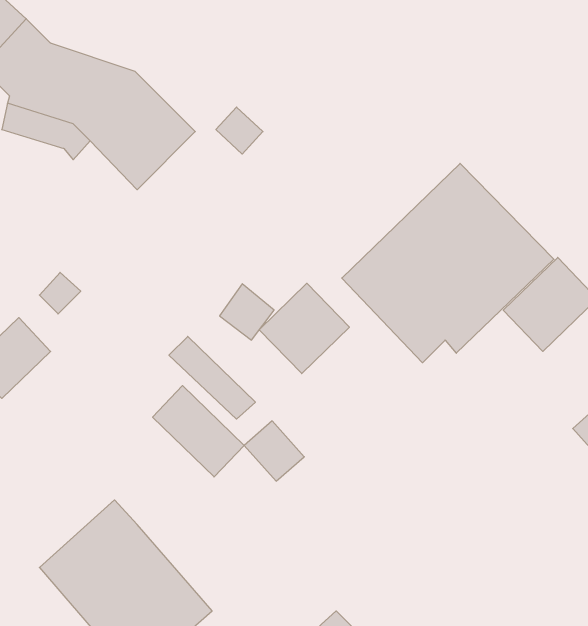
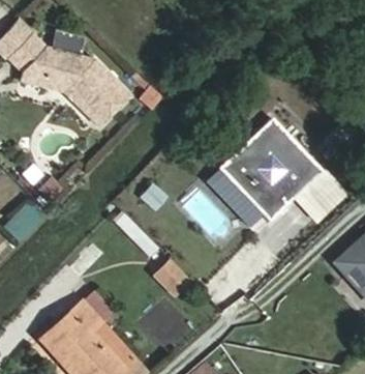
building: [259,283,349,374] -> none
building: [153,386,244,477] -> none

